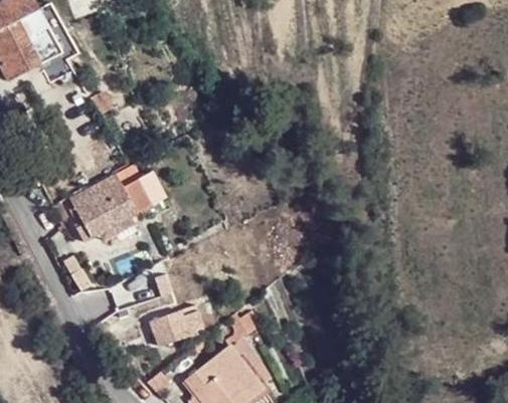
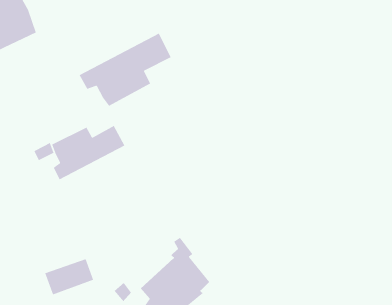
building: none -> [78,32,172,107]
building: [152,299,214,346] -> [44,258,94,295]

